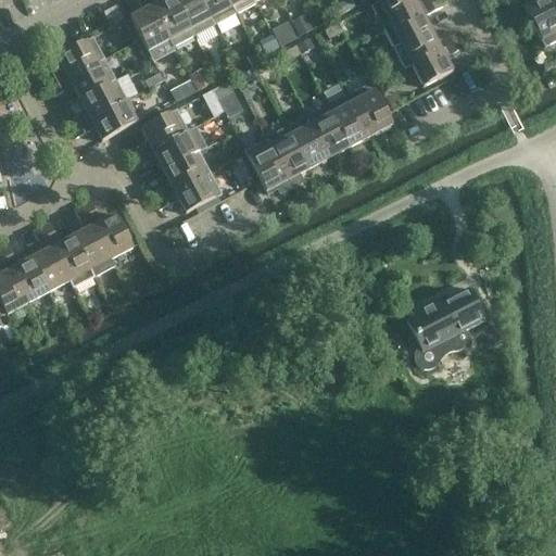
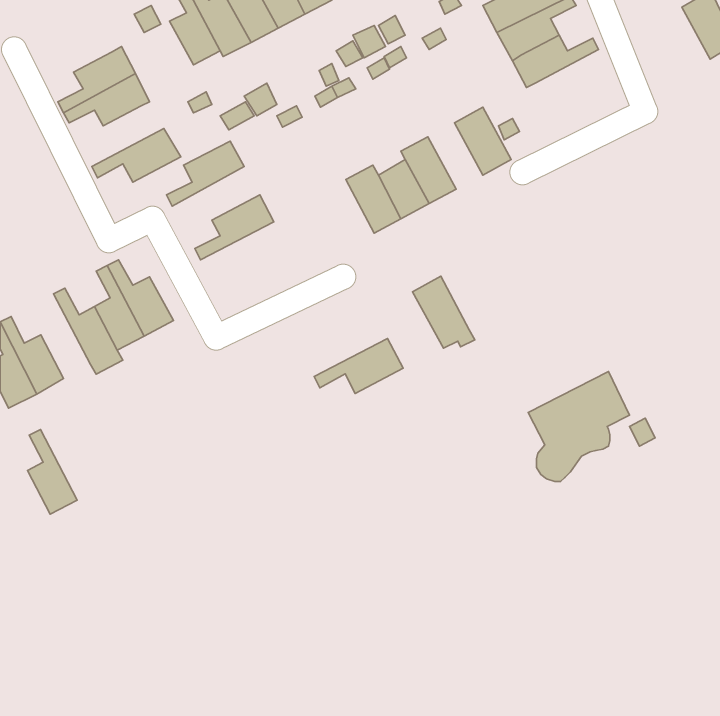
building: [413,38,465,86] -> none
building: [67,78,127,128] -> none
building: [330,94,372,146] -> none
building: [134,128,201,169] -> none
building: [245,138,293,193] -> [413,276,475,348]
building: [155,170,224,213] -> [314,338,403,393]
building: [33,226,71,291] -> [28,430,77,514]

